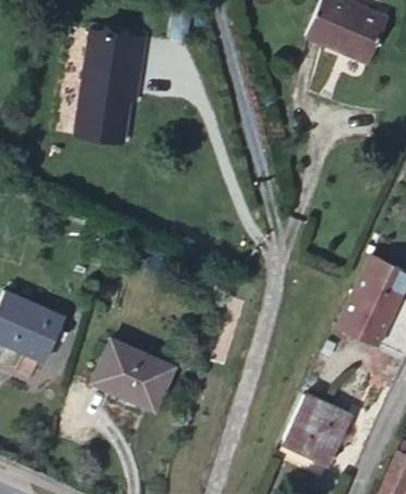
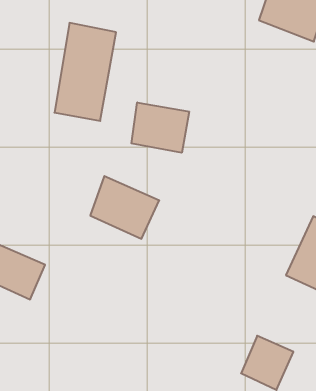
building: none -> [131,102,189,153]
building: [93,339,173,412] -> [90,176,159,239]

